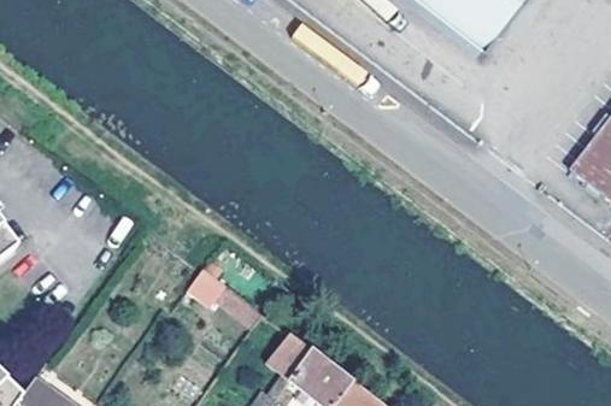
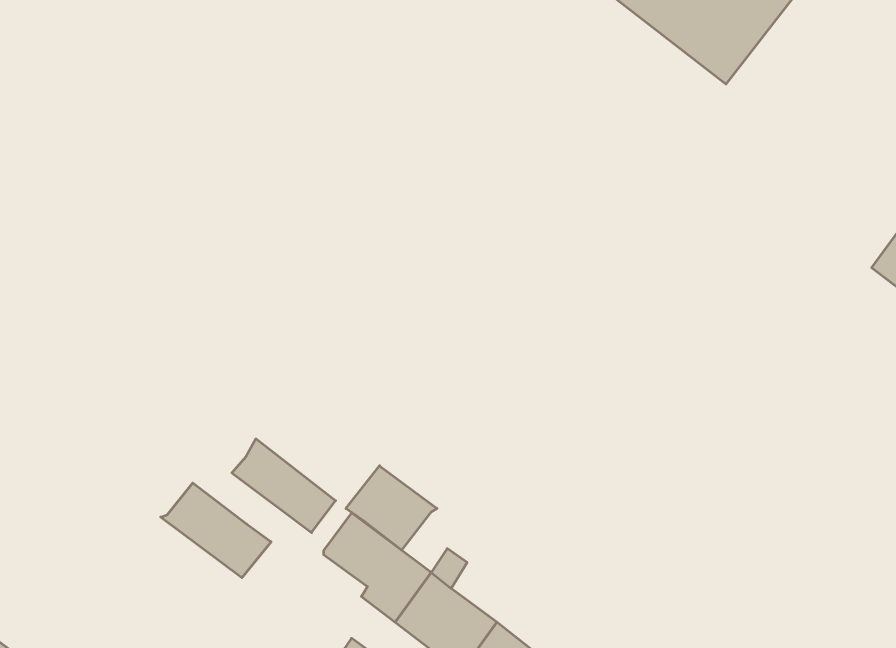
building: none -> [346,466,437,550]
building: none -> [161,483,271,578]

